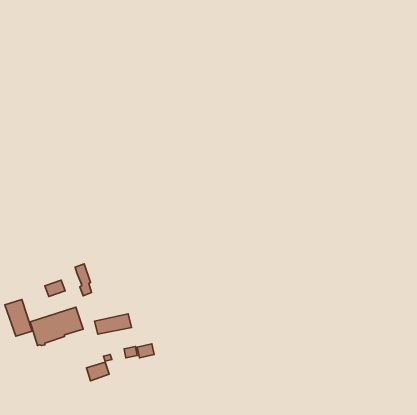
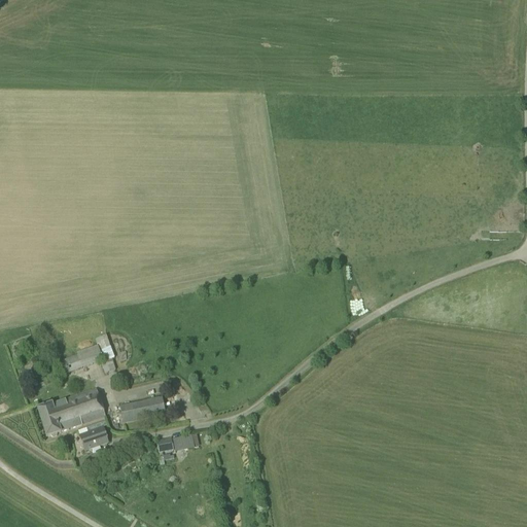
building: [5,300,32,336] -> none
building: [86,362,109,381] -> [79,426,108,450]

